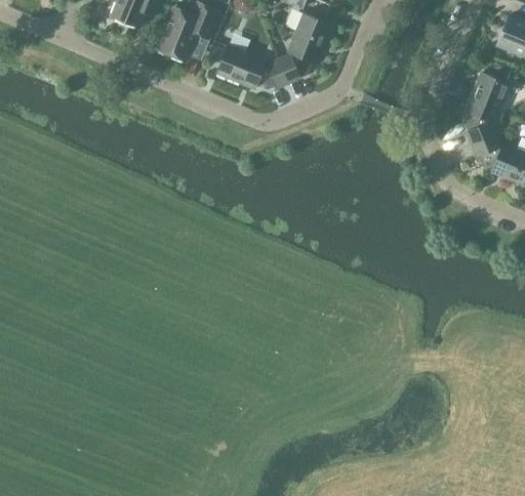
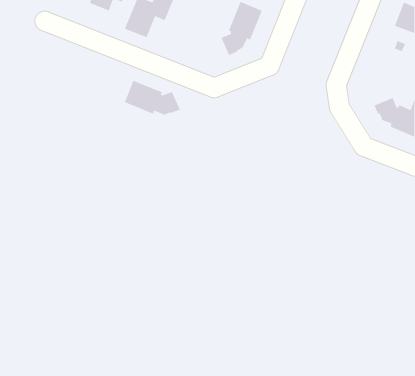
building: [216,44,288,89] -> [124,80,181,116]
building: [463,72,509,143] -> none

